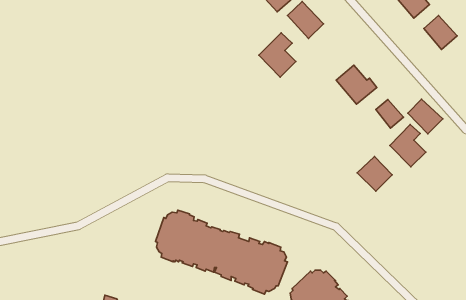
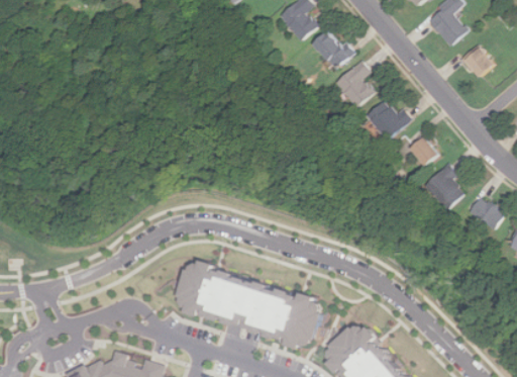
building: [259,33,296,77] -> [337,60,378,108]
building: [408,99,443,134] -> none
building: none -> [471,196,506,231]
building: [357,156,392,191] -> none

